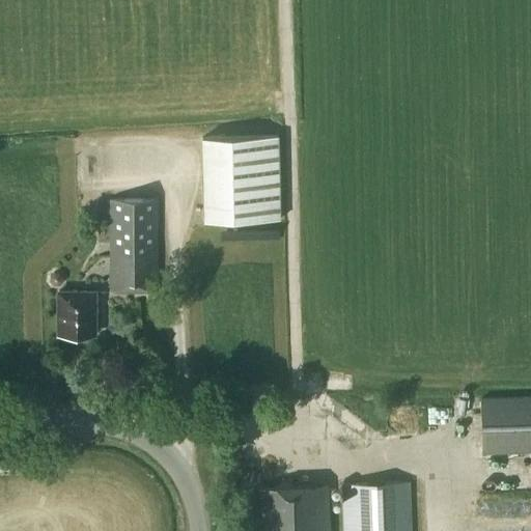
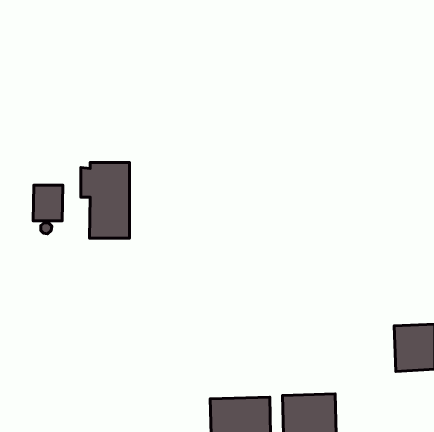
building: [202,138,282,223] -> none
building: [60,294,96,337] -> [33,185,63,221]

